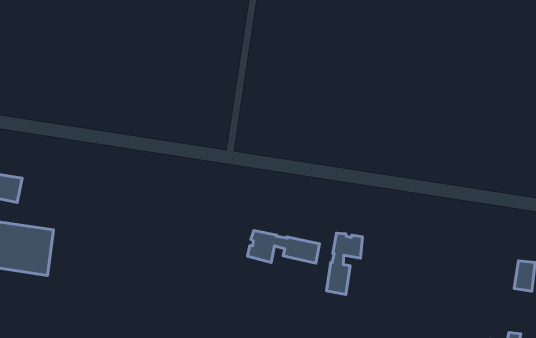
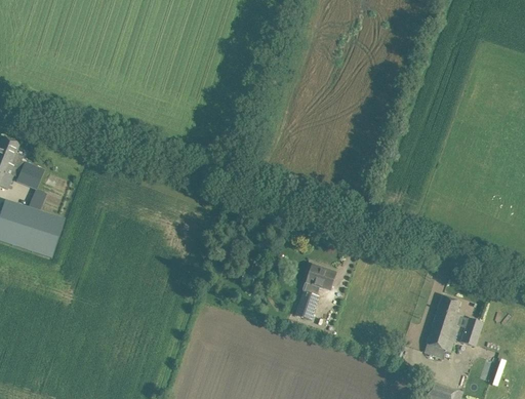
building: [247,230,319,263] -> none
building: none -> [422,295,461,358]

